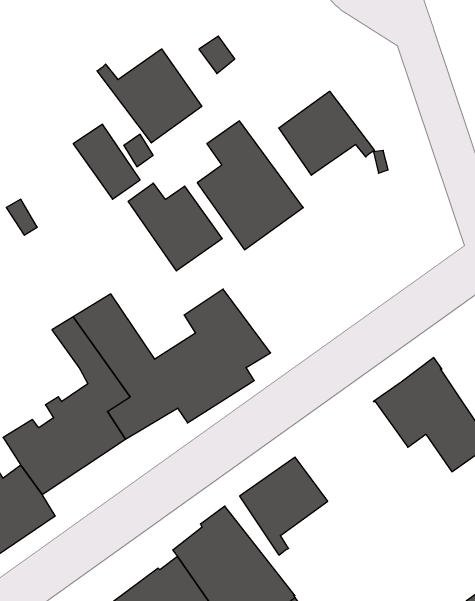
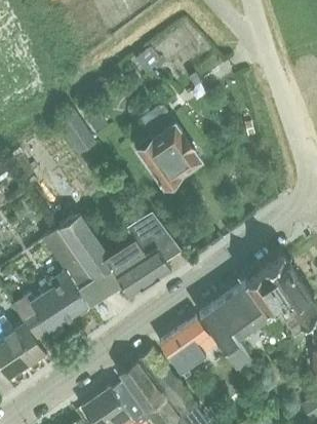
building: [97,49,202,143] -> none
building: [279,91,374,175] -> none
building: [128,183,222,271] -> none
building: none -> [199,283,274,367]

